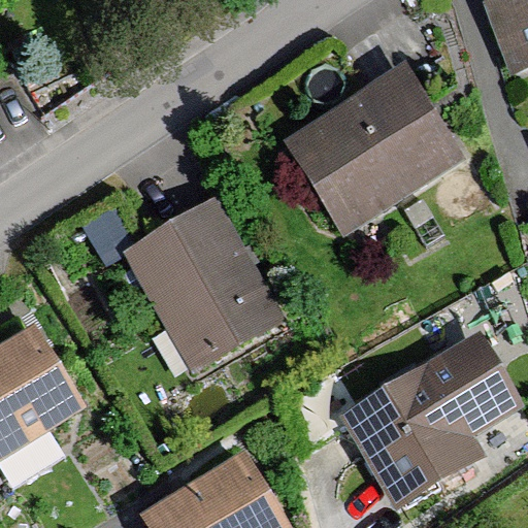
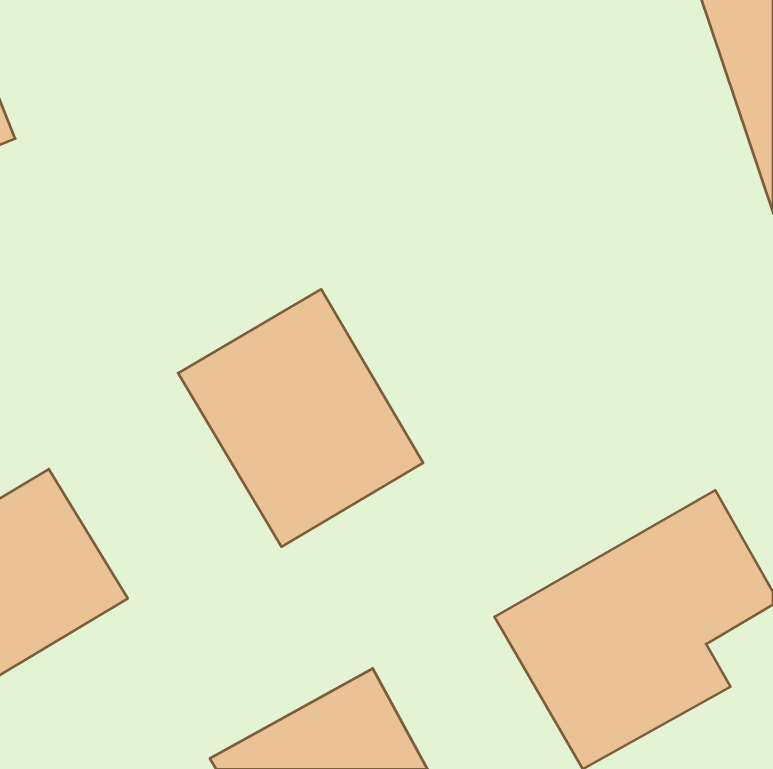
building: [279,63,461,233] -> none

